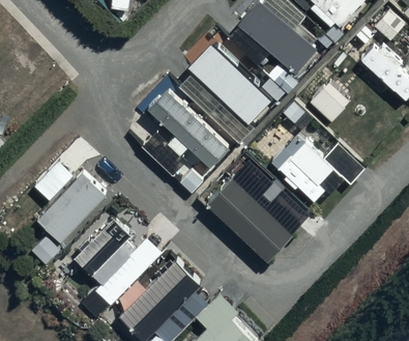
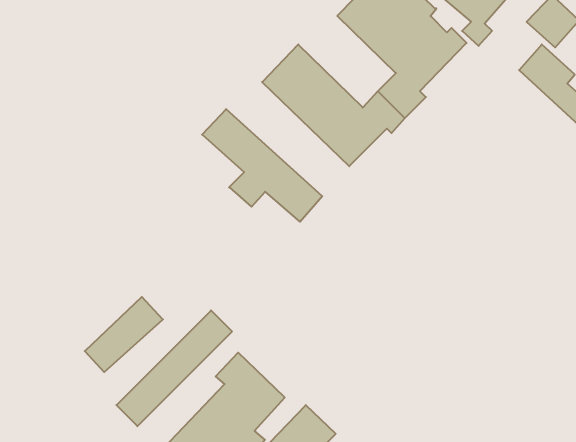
building: [272,136,368,203] -> none
building: [204,159,298,266] -> none
building: [29,173,97,241] -> none

